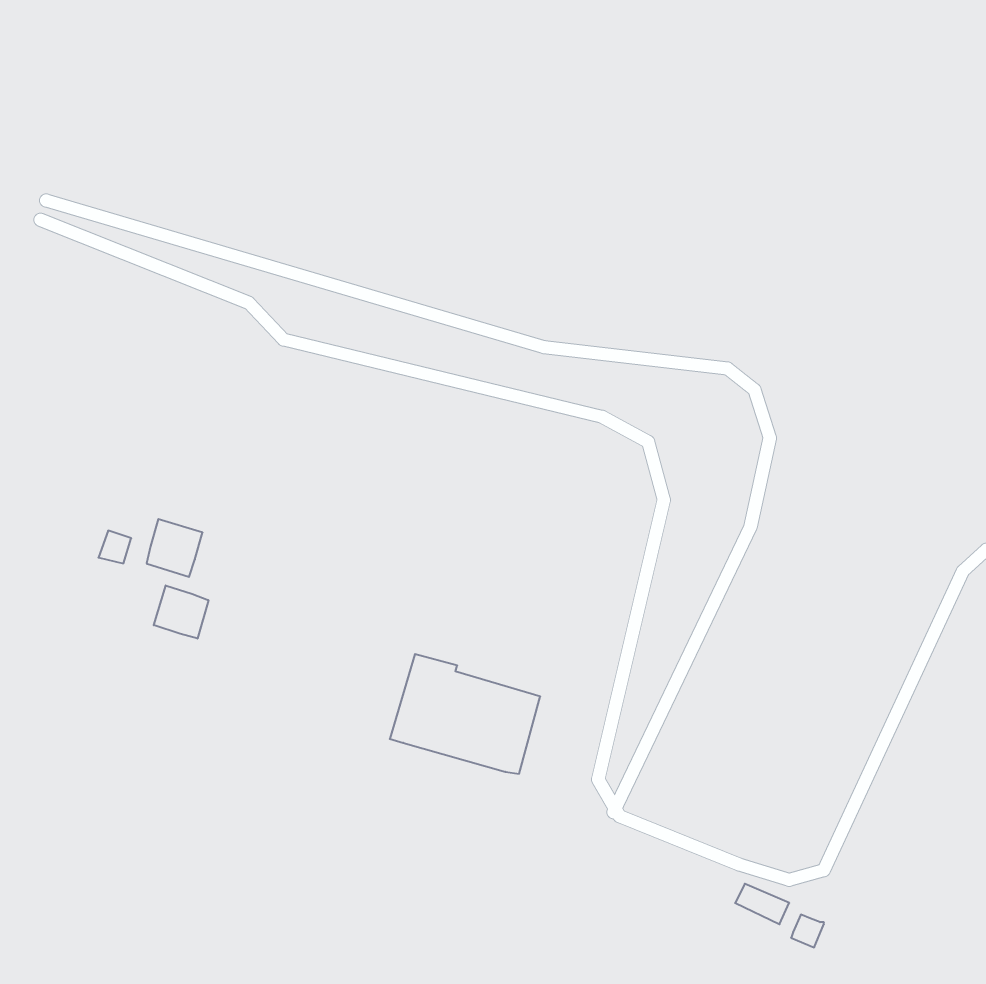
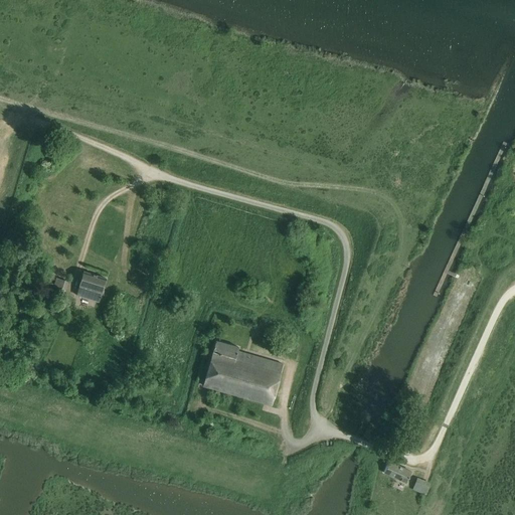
building: [154,585,208,639] -> none

